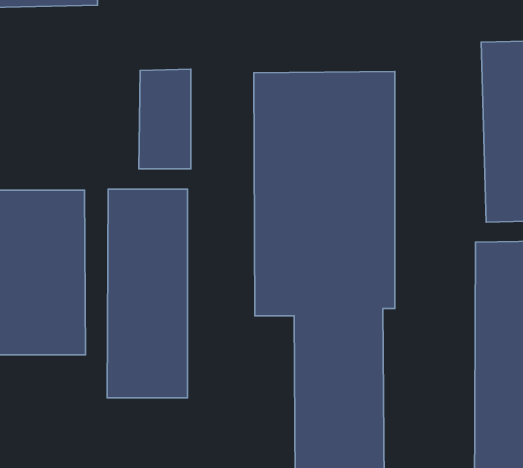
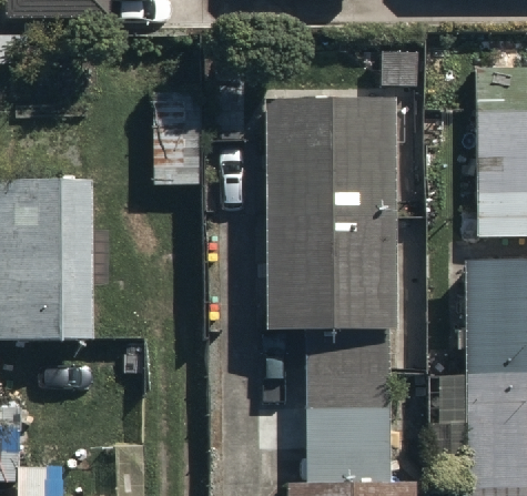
building: [107,189,187,398] -> none

